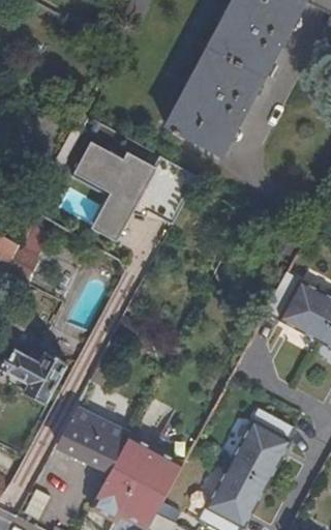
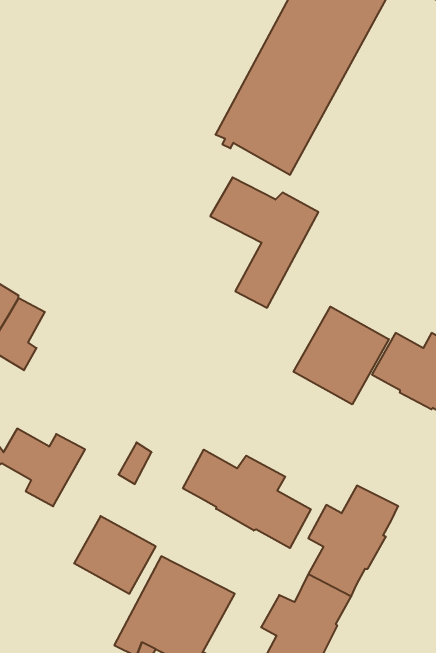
building: [77,146,157,243] -> [210,177,318,308]
building: none -> [294,307,389,404]
building: none -> [183,450,311,548]

